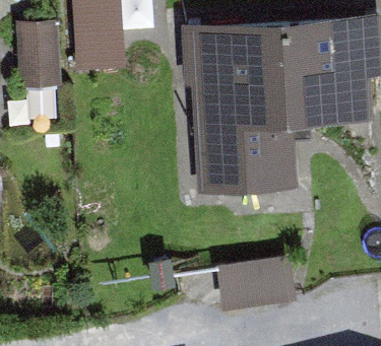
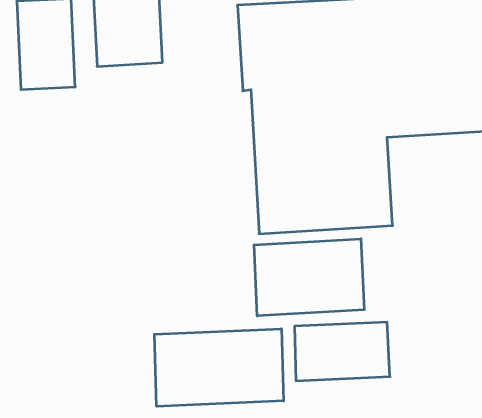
building: none -> [254,239,364,316]
building: none -> [154,329,284,406]

